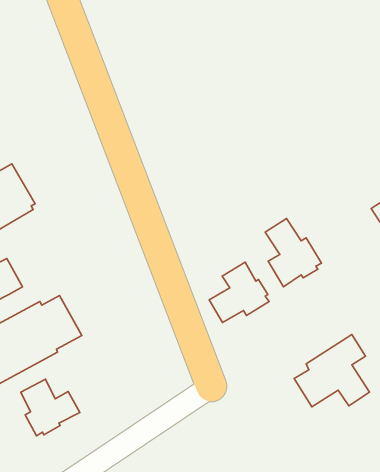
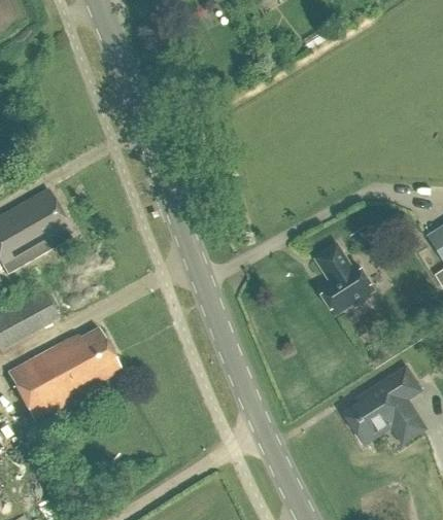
building: [209,262,269,322] -> none
building: [21,379,80,436] -> none

